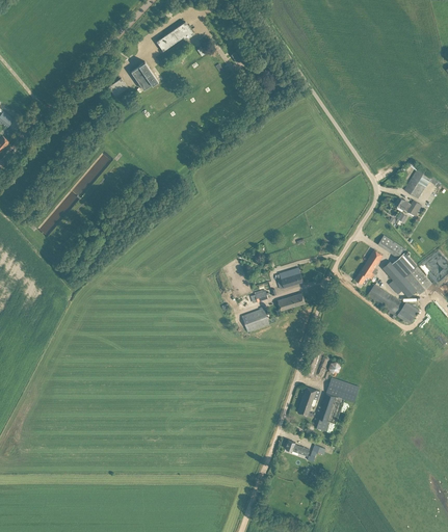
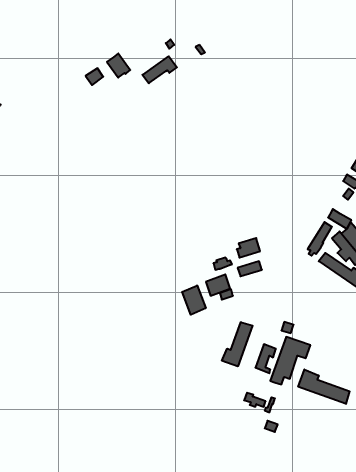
building: [156,21,194,51] -> [142,56,177,83]
building: none -> [182,285,206,315]
building: none -> [222,322,253,366]
building: none -> [298,369,350,404]

